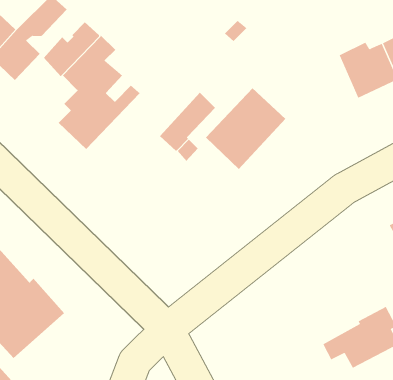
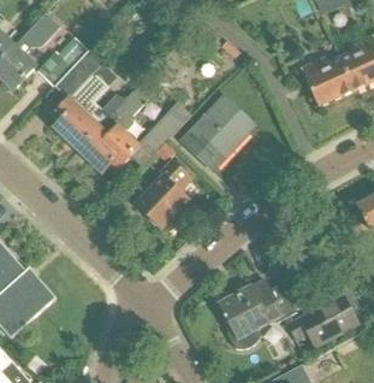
building: none -> [77,77,159,175]
building: none -> [135,160,192,229]
building: none -> [218,278,298,349]

